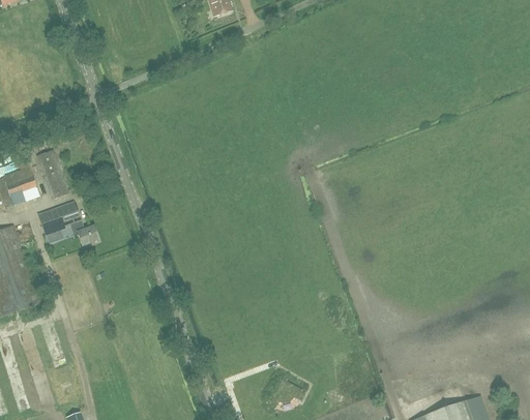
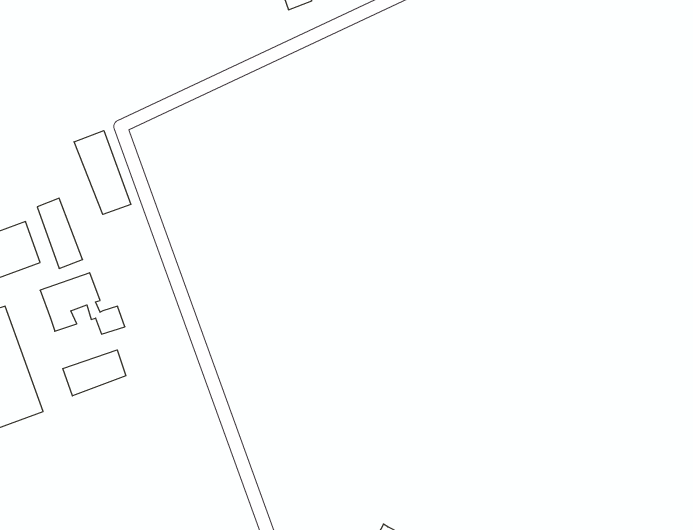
building: none -> [74,131,131,214]
building: none -> [63,350,126,396]

